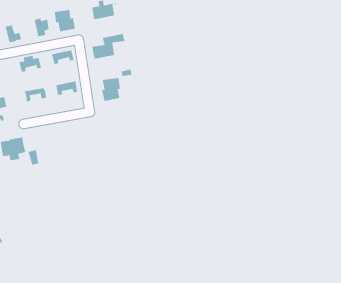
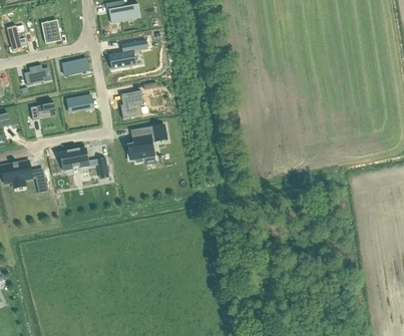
building: [54,9,76,32] -> none
building: none -> [126,123,165,162]
building: none -> [59,146,108,179]

